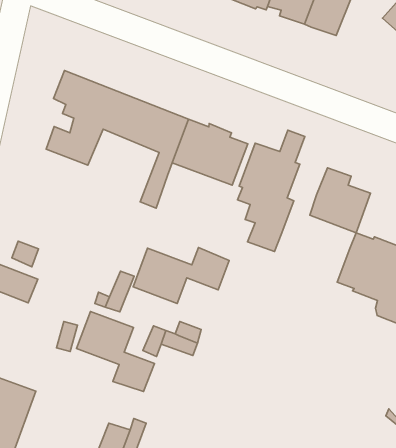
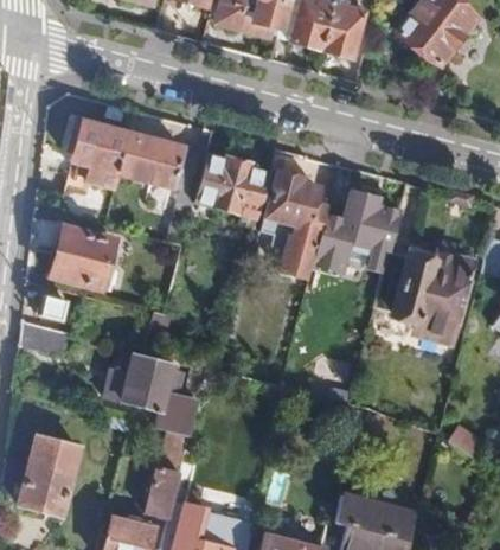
building: none -> [55,224,116,286]
building: none -> [314,212,390,268]
building: [133,247,229,304] -> none

